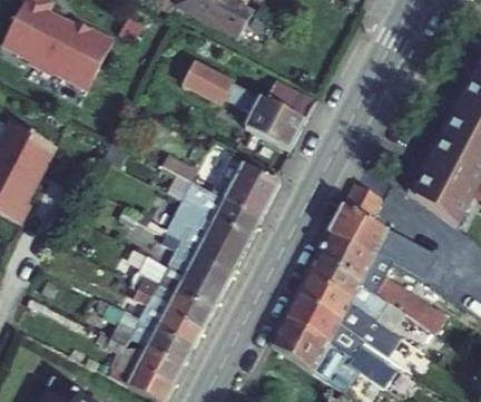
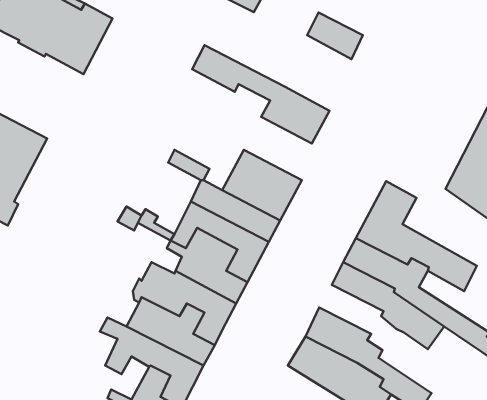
building: [265,79,314,120] -> [307,13,363,59]
building: [295,274,400,356] -> none

